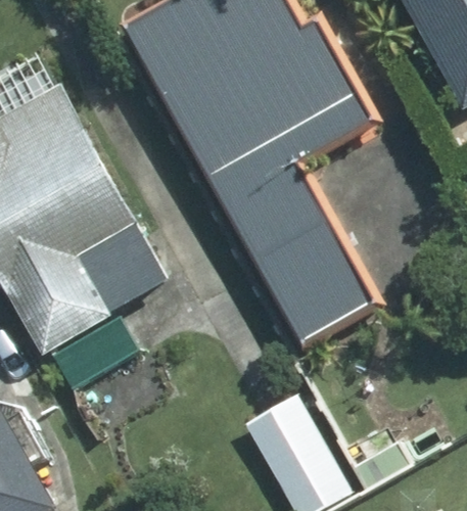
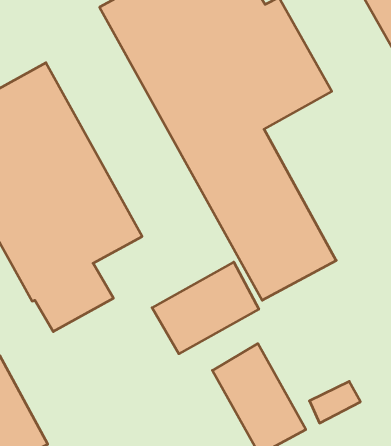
building: none -> [152,262,259,354]

